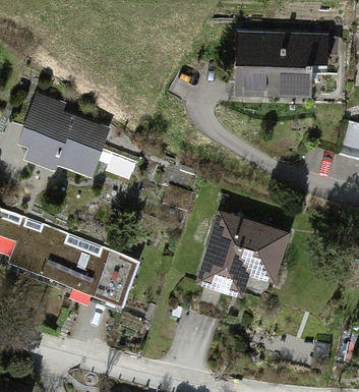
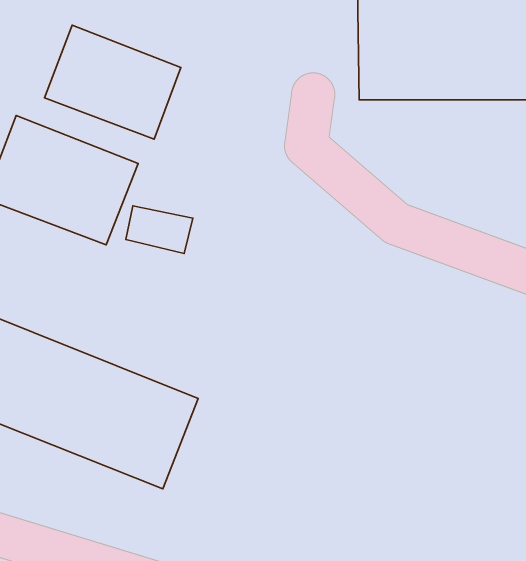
building: none -> [44,25,181,139]
building: [202,214,289,301] -> none

